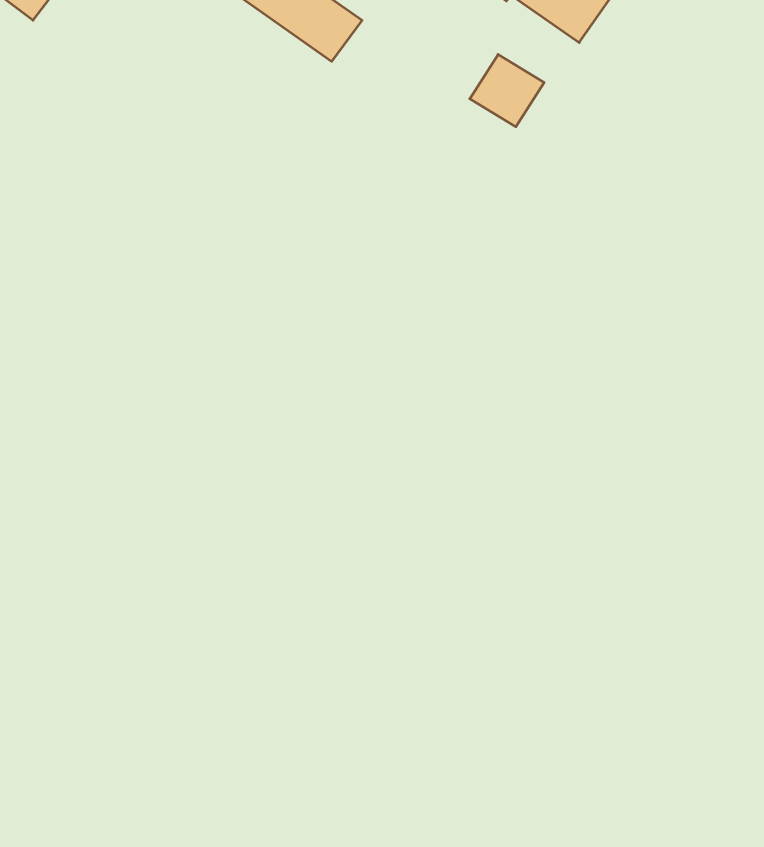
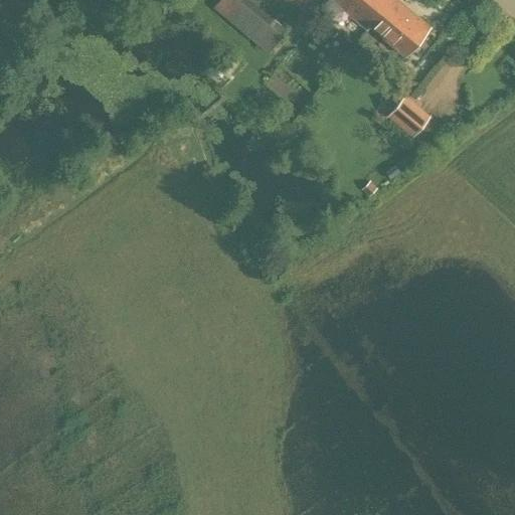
building: [470,54,544,127] -> [388,95,431,136]

